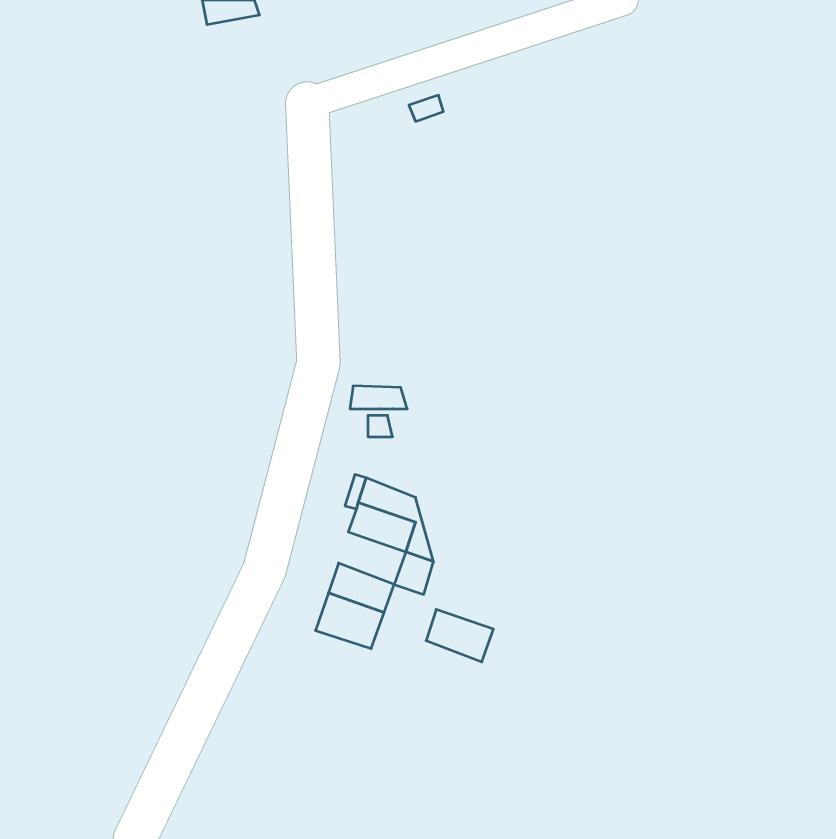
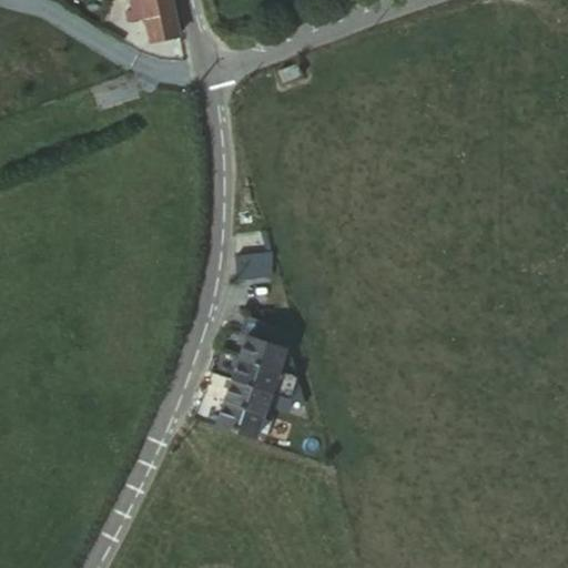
building: none -> [140,10,183,44]
building: [426,609,493,662] -> [229,359,274,395]

